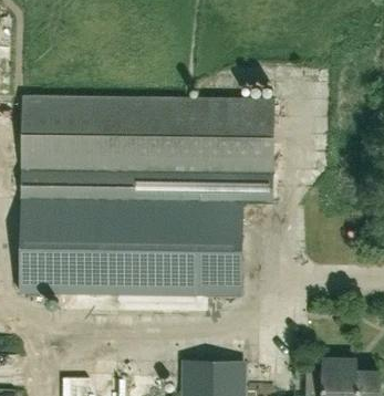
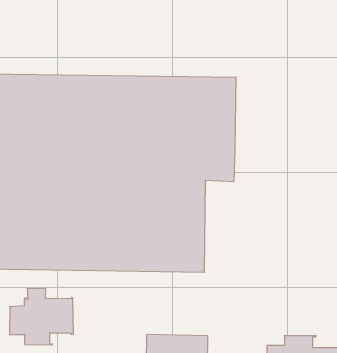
building: none -> [10,288,73,345]

